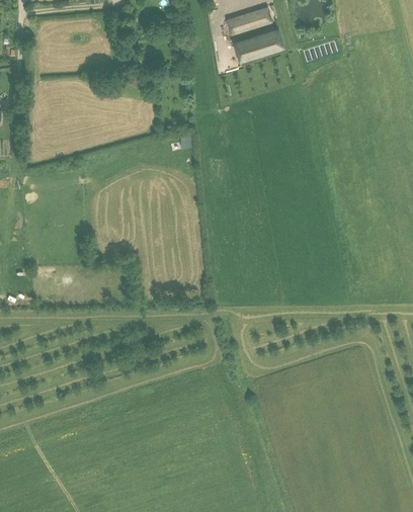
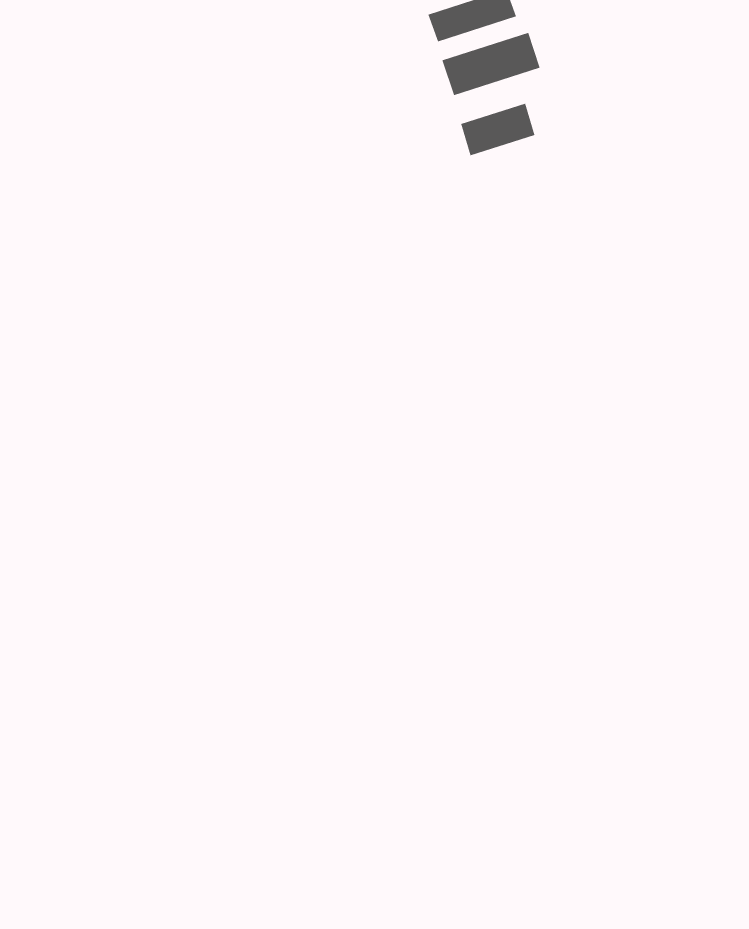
building: none -> [461,103,535,156]

